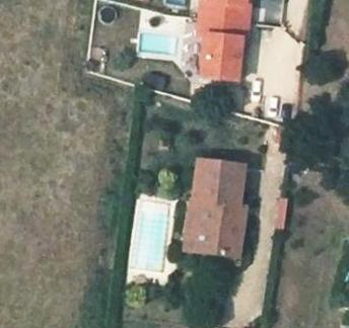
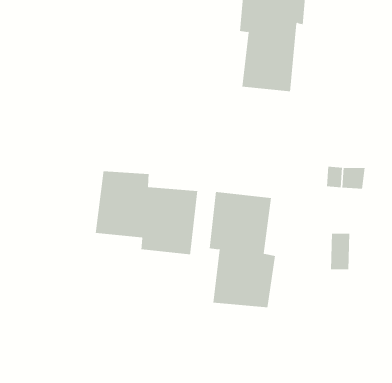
building: none -> [95,170,198,255]

